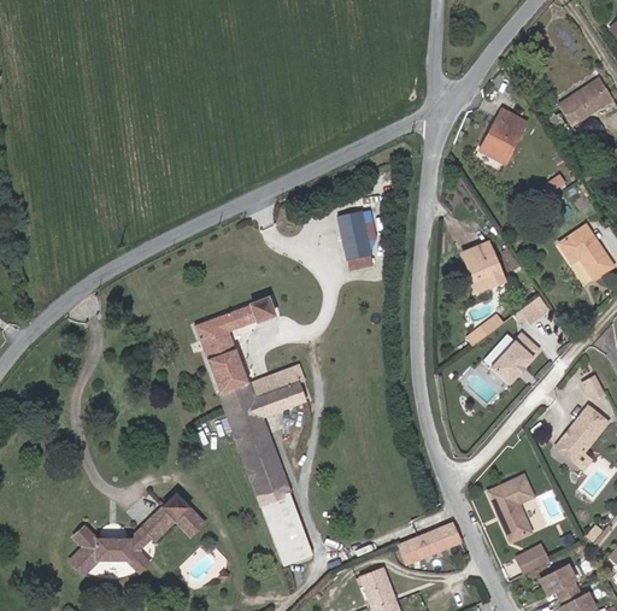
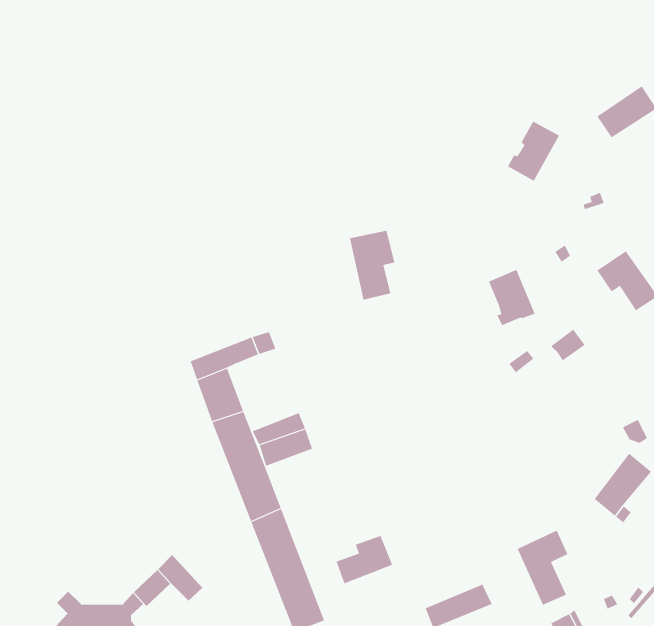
building: [489,333,537,383] -> none
building: none -> [336,535,393,584]

